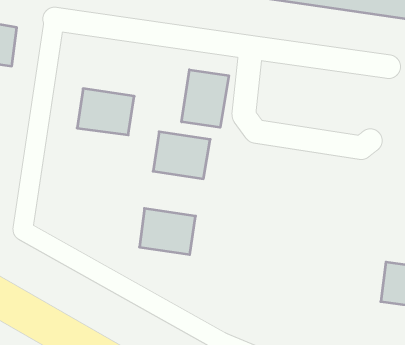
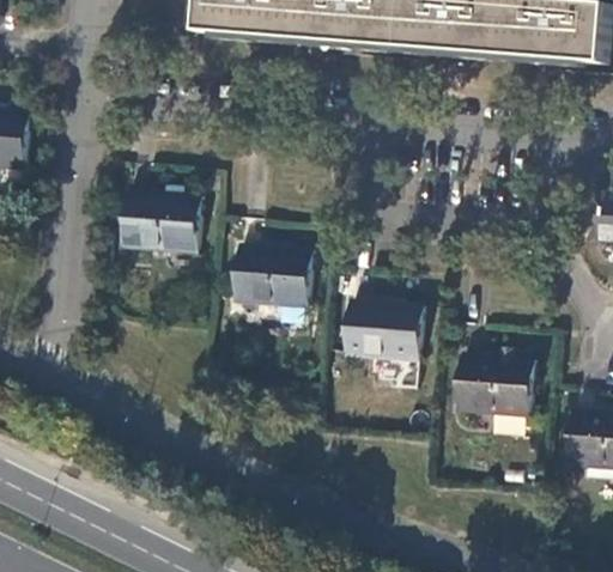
building: [182,70,229,127] -> none
building: [139,208,196,255] -> [344,298,420,359]
building: none -> [456,352,533,414]

